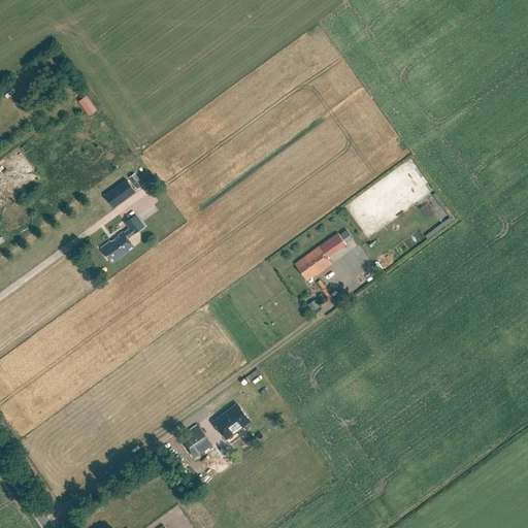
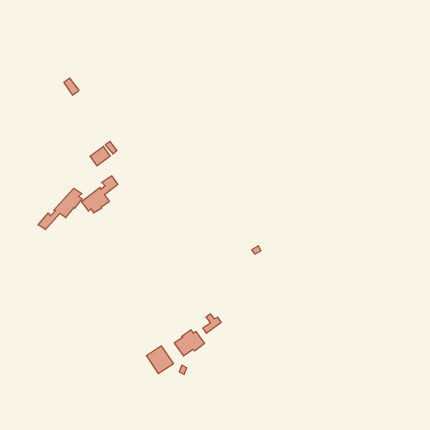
building: none -> [38,188,82,230]
building: [295,233,345,279] -> none

